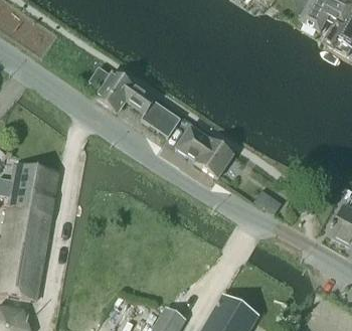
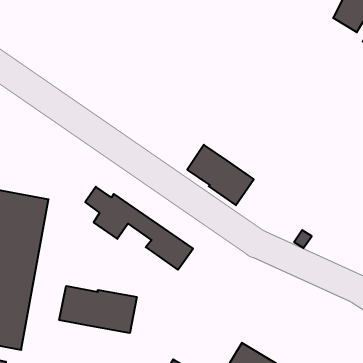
building: [90,66,181,137] -> [85,187,193,270]
building: none -> [59,286,137,333]

